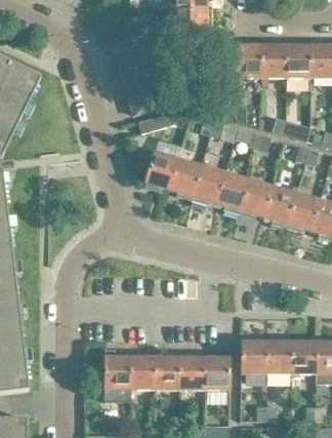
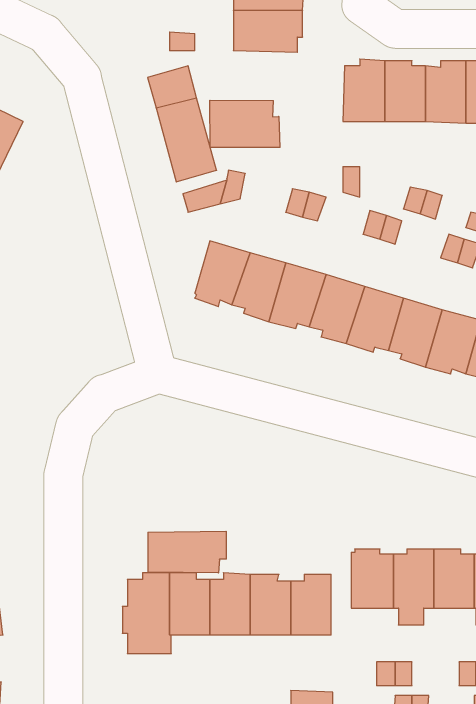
building: none -> [210,100,280,147]
building: none -> [148,531,226,573]

